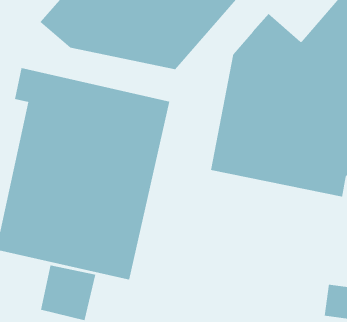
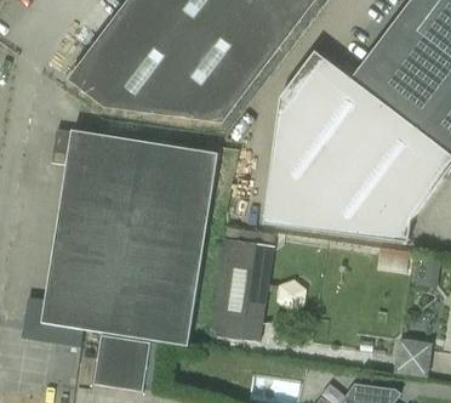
building: none -> [209,239,273,342]

